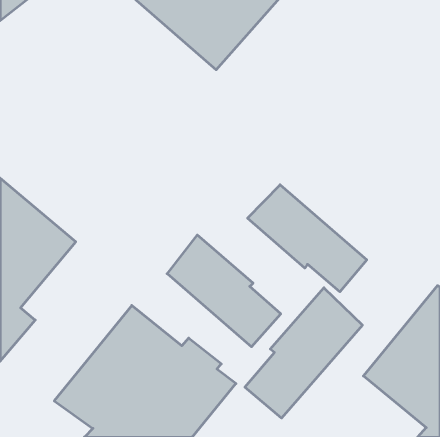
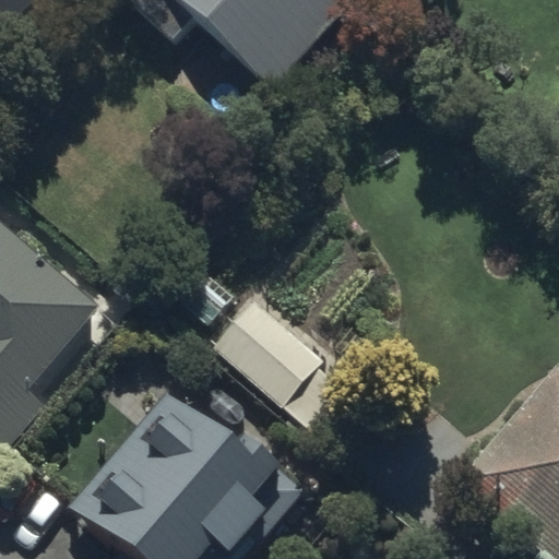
building: [248,185,367,292] -> none
building: [245,288,362,418] -> none

